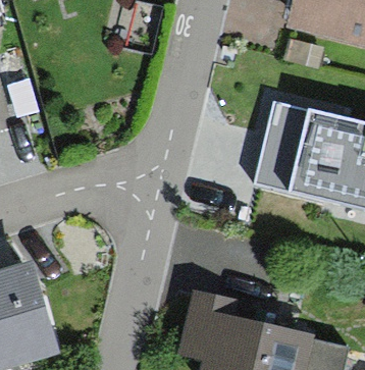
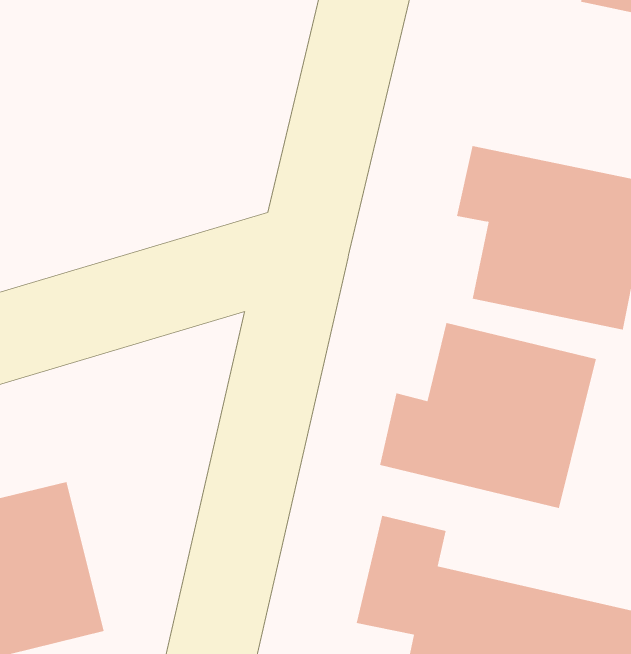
building: none -> [380,322,597,509]

